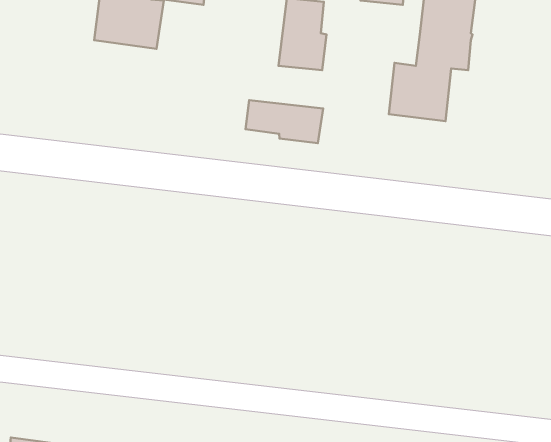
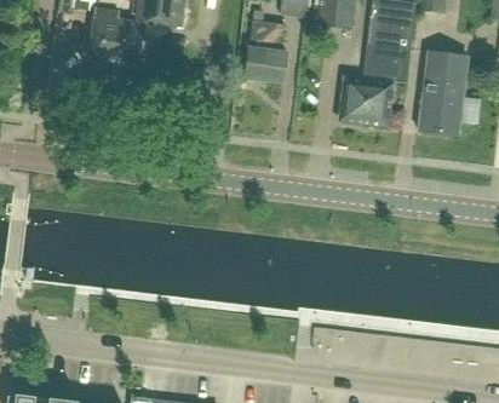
building: none -> [419,52,466,134]
building: [245,100,323,143] -> none

